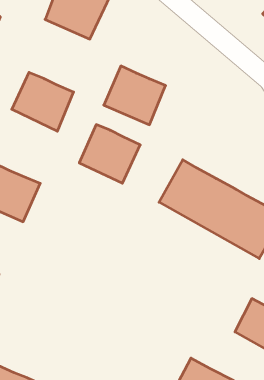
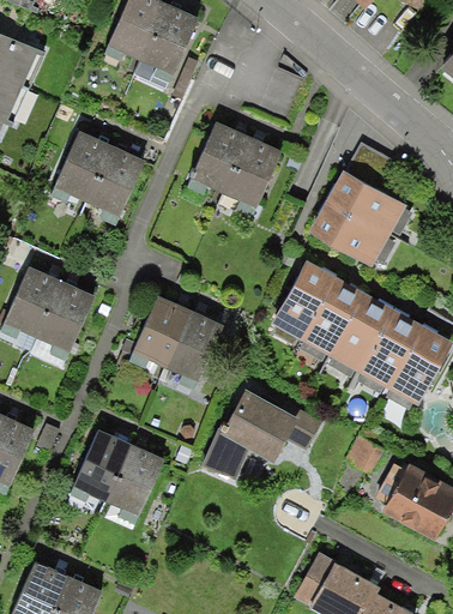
building: none -> [312,170,406,265]
building: [79,125,140,183] -> [134,296,224,383]
building: none -> [201,390,322,480]
building: none -> [72,429,164,516]

